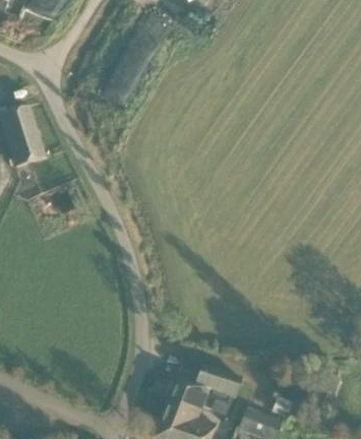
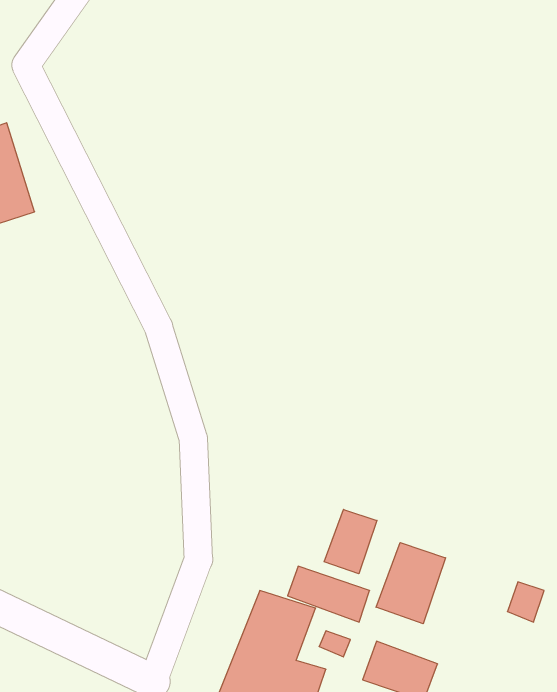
building: none -> [324,509,377,574]
building: none -> [376,543,446,624]

